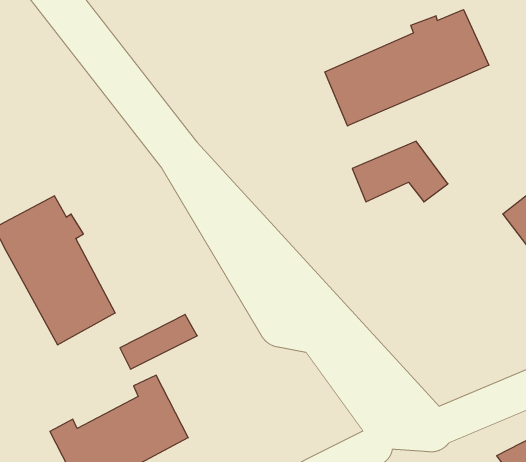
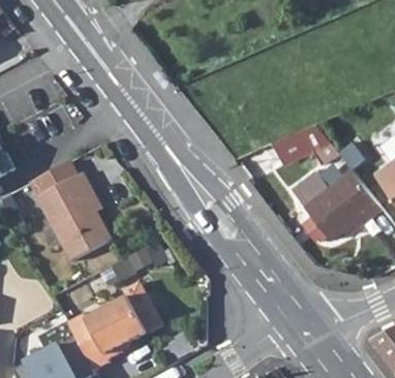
building: [325,10,489,126] -> none
building: none -> [294,168,383,240]

